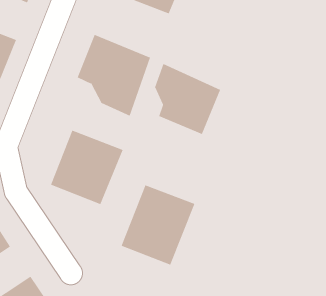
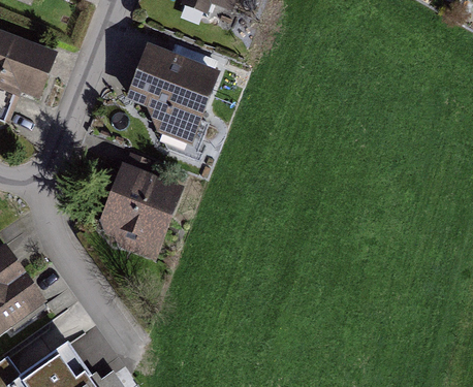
building: [154,63,221,135] -> none
building: [121,185,195,266] -> none

